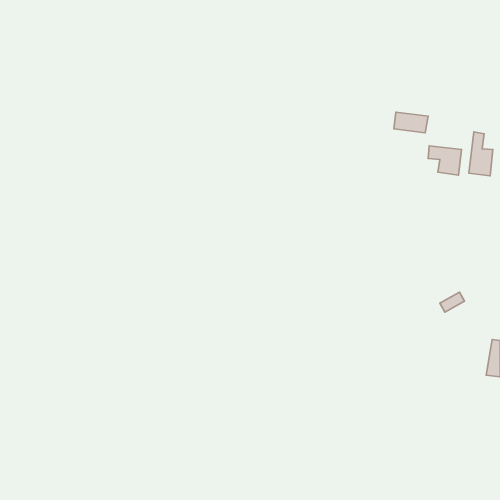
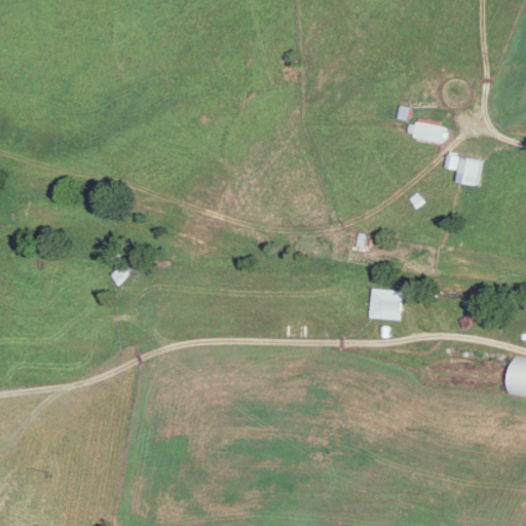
building: [469,132,493,176] -> none
building: none -> [369,290,402,320]

